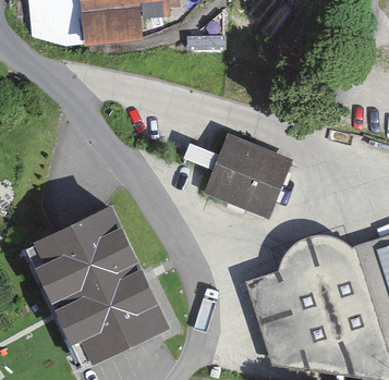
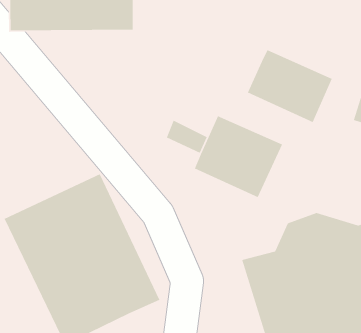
building: none -> [247,49,333,123]

